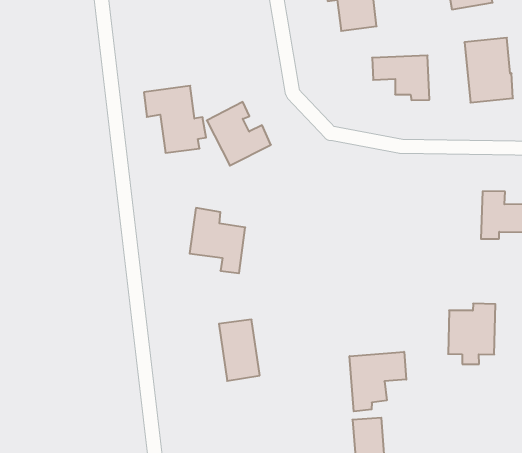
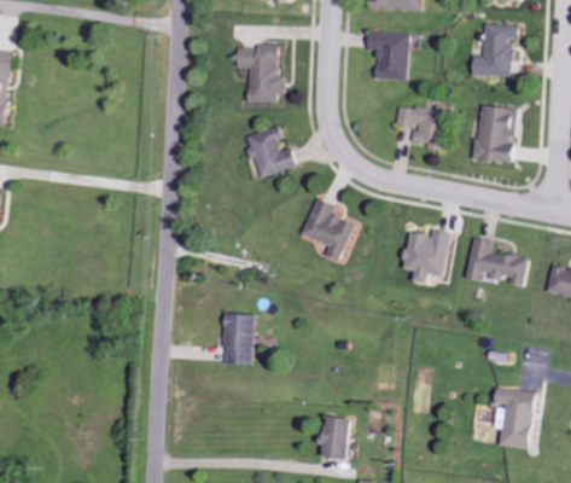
building: [144,86,206,153] -> [235,45,284,101]
building: [190,208,245,273] -> [301,197,352,260]
building: [448,304,495,364] -> [402,228,450,281]
building: [350,352,406,411] -> none

